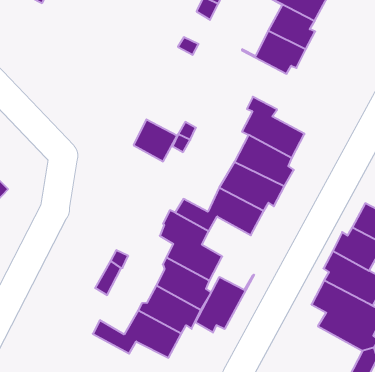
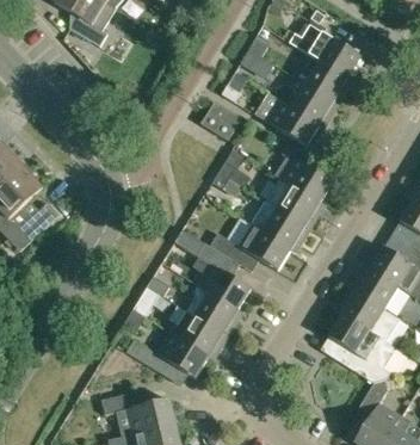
building: none -> [266,100,319,146]
building: [134,119,177,161] -> [200,100,241,140]
building: [196,275,254,333] -> none

